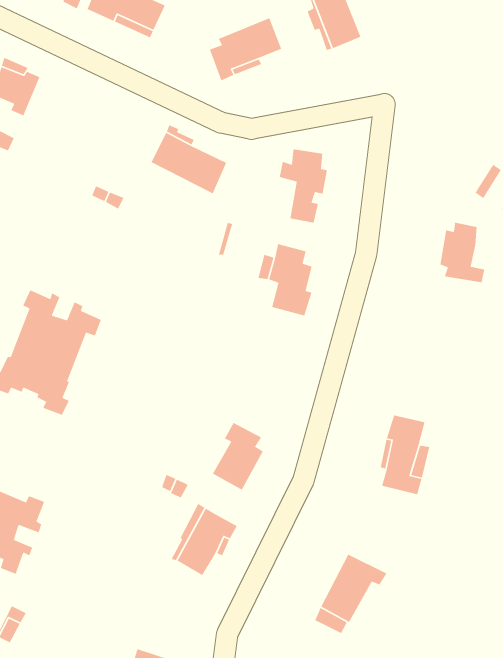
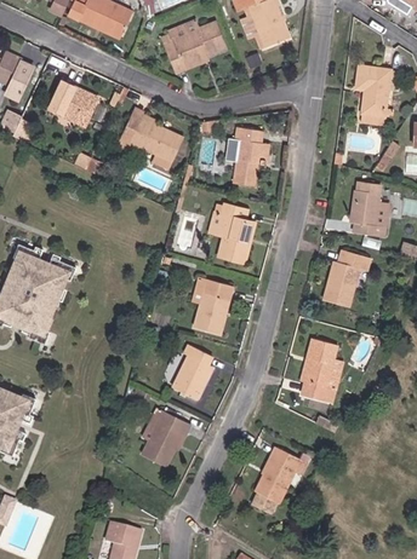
building: none -> [356,64,392,115]
building: none -> [52,82,99,125]
building: none -> [322,248,367,302]
building: none -> [193,278,229,333]

